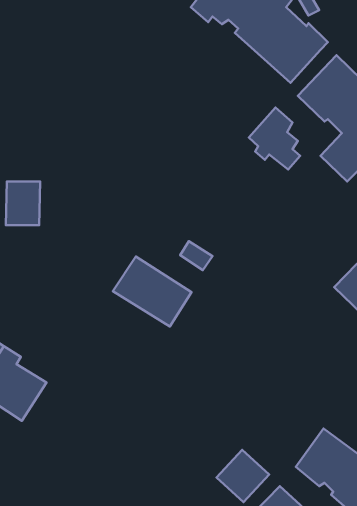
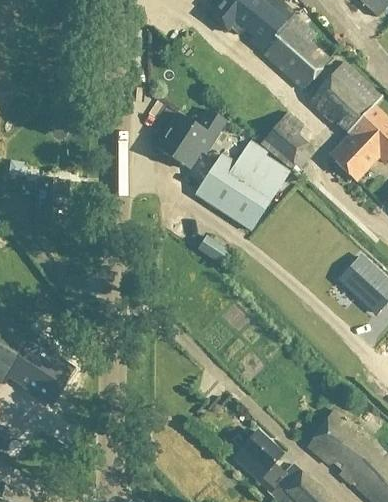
building: none -> [154,108,225,169]
building: none -> [194,141,287,230]
building: [113,256,192,327] -> none

